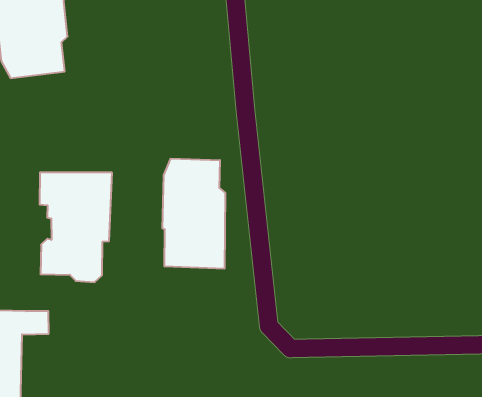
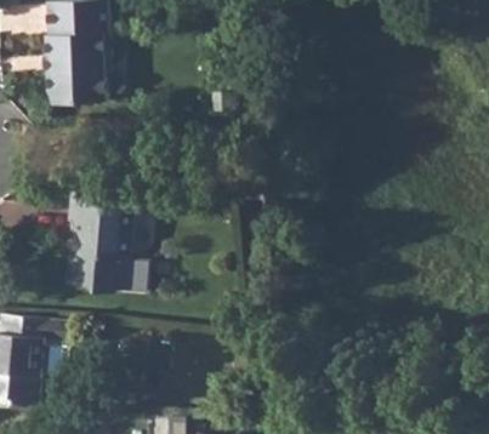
building: [162,159,225,269] -> none

